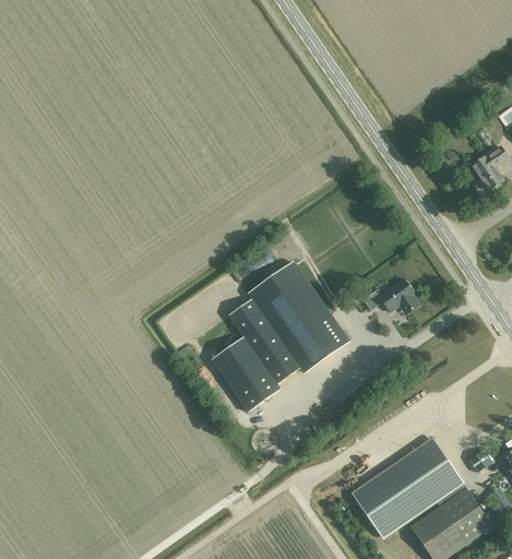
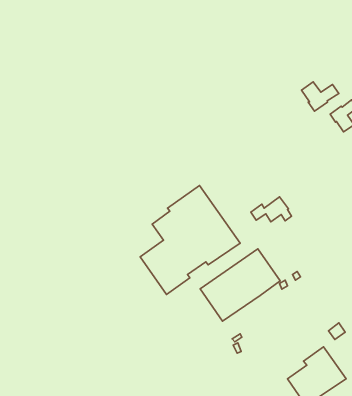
building: none -> [301,82,339,111]
building: [353,438,462,536] -> [200,249,280,321]

